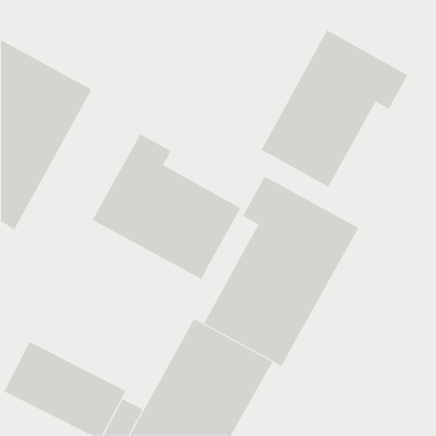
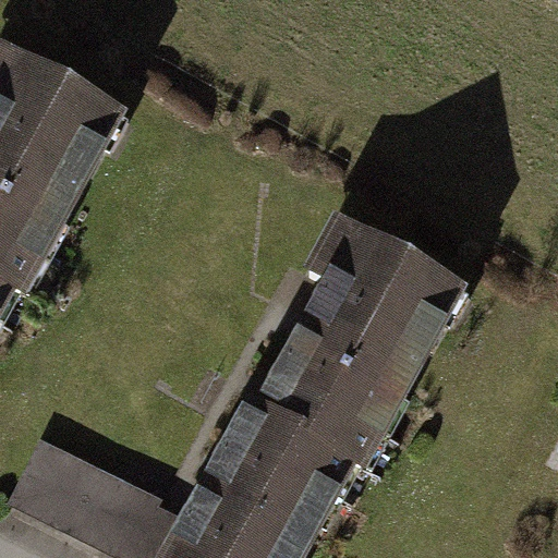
building: [261,30,408,187] -> none
building: [92,134,241,280] -> none

